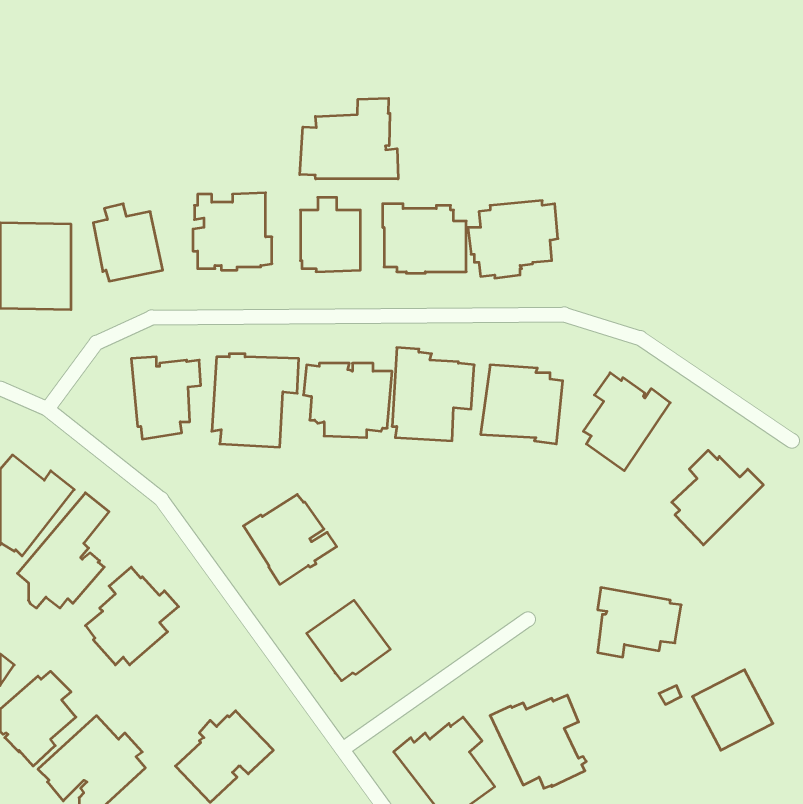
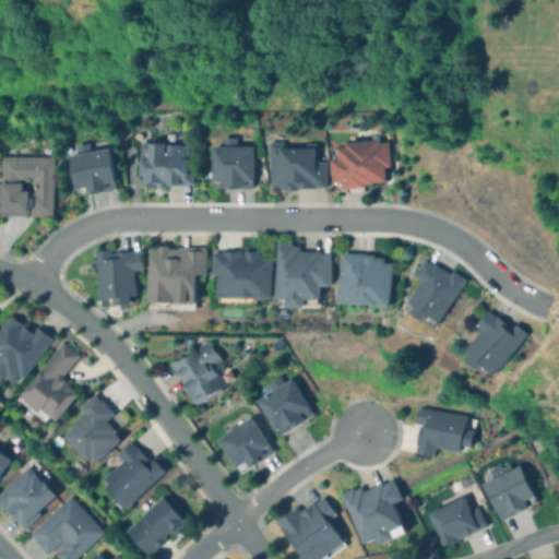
building: [300,98,398,179] -> none
building: none -> [255,377,313,436]
building: none -> [104,443,166,511]
building: none -> [428,497,487,547]

